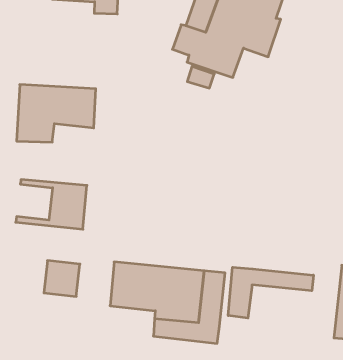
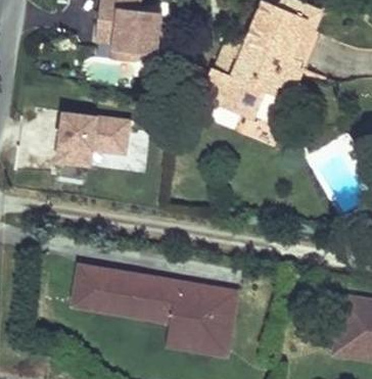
building: [16,180,87,229] -> [72,267,137,315]
building: [228,267,313,318] -> none

